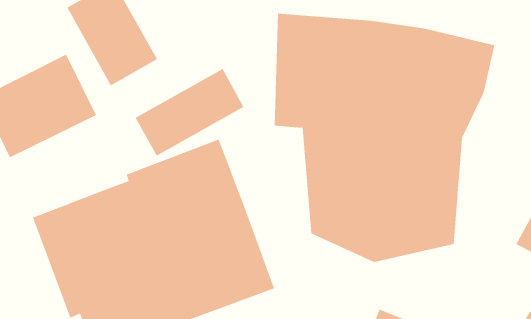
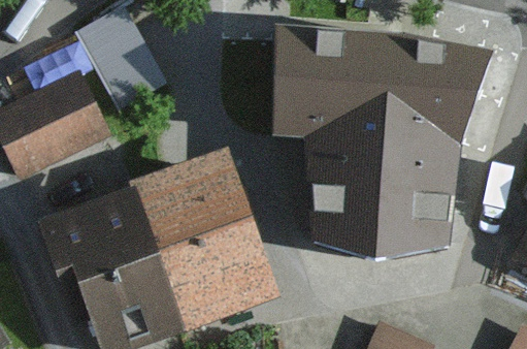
building: [135,68,244,156] -> none

